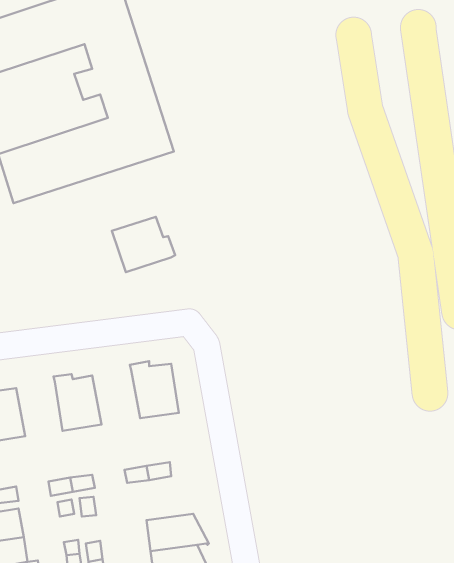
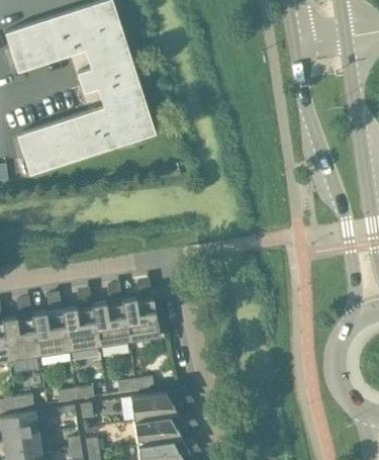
building: [112,217,175,272] -> none
building: none -> [92,302,129,347]
building: none -> [31,311,69,356]
building: none -> [130,391,179,422]

